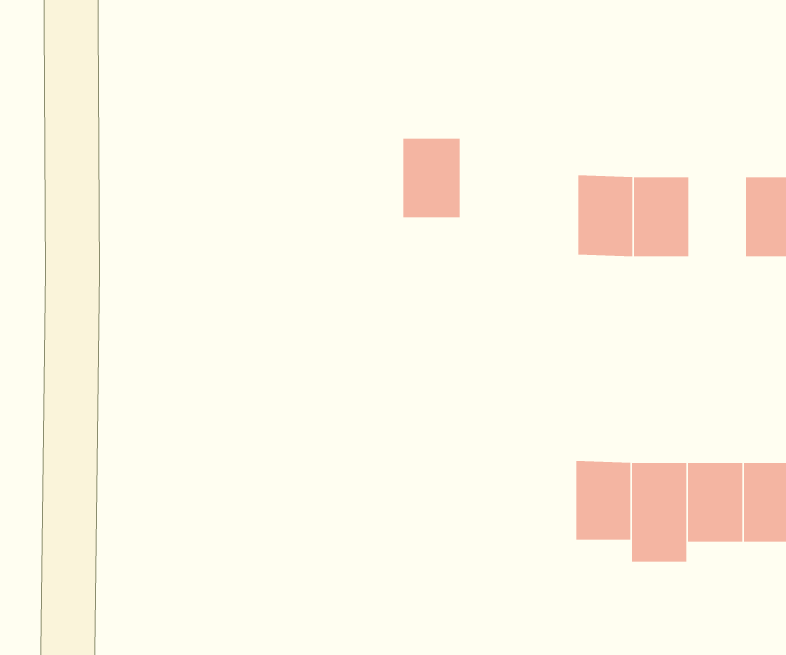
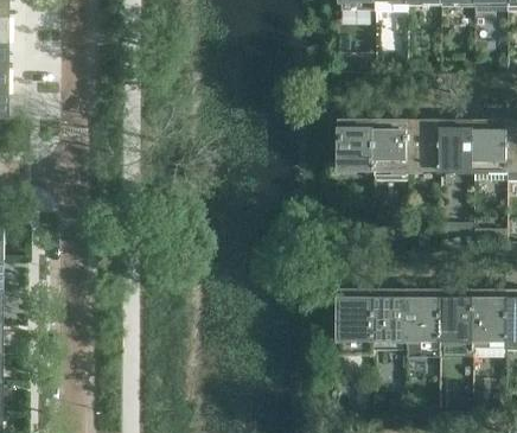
building: [403,138,460,218] -> [339,122,374,170]
building: none -> [440,123,473,171]
building: none -> [338,292,372,339]

